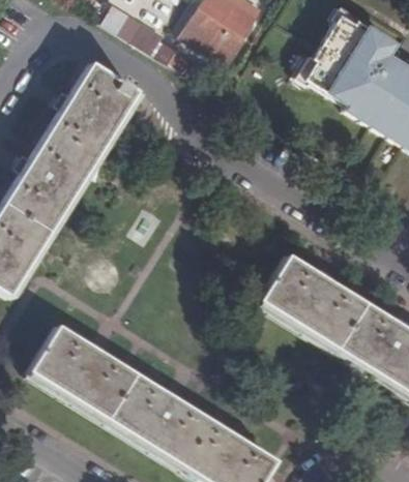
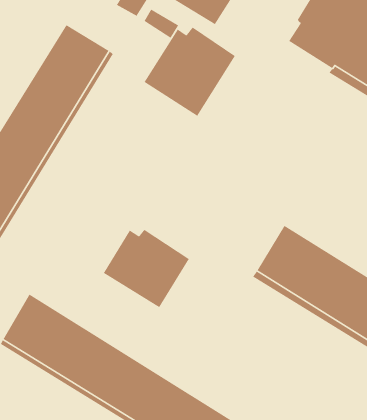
building: none -> [144,26,236,117]
building: none -> [103,229,190,308]

